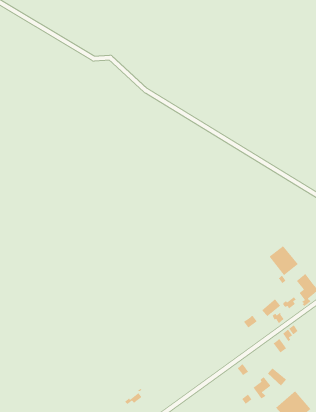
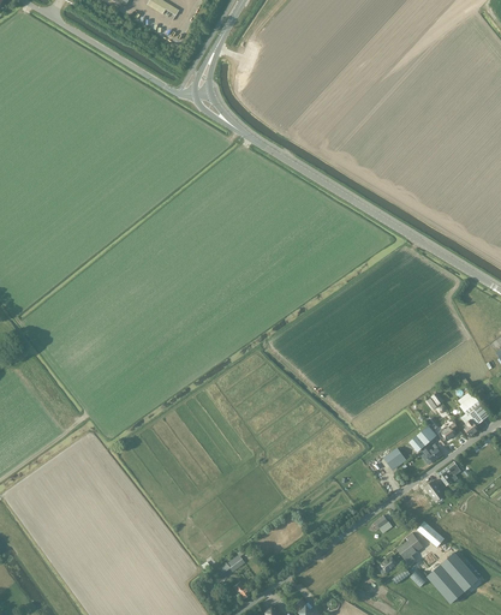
building: [268,245,299,276] -> none

